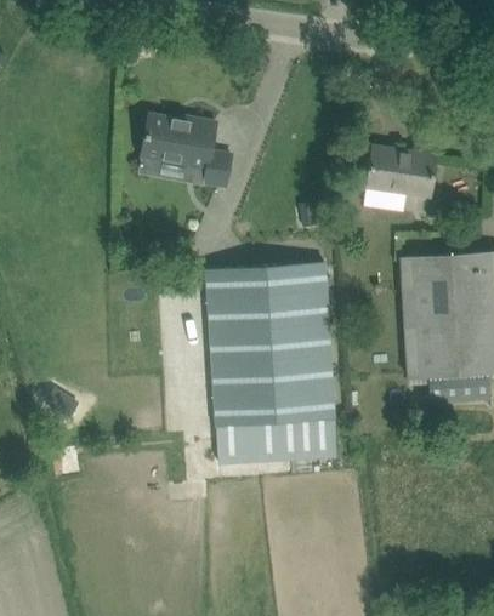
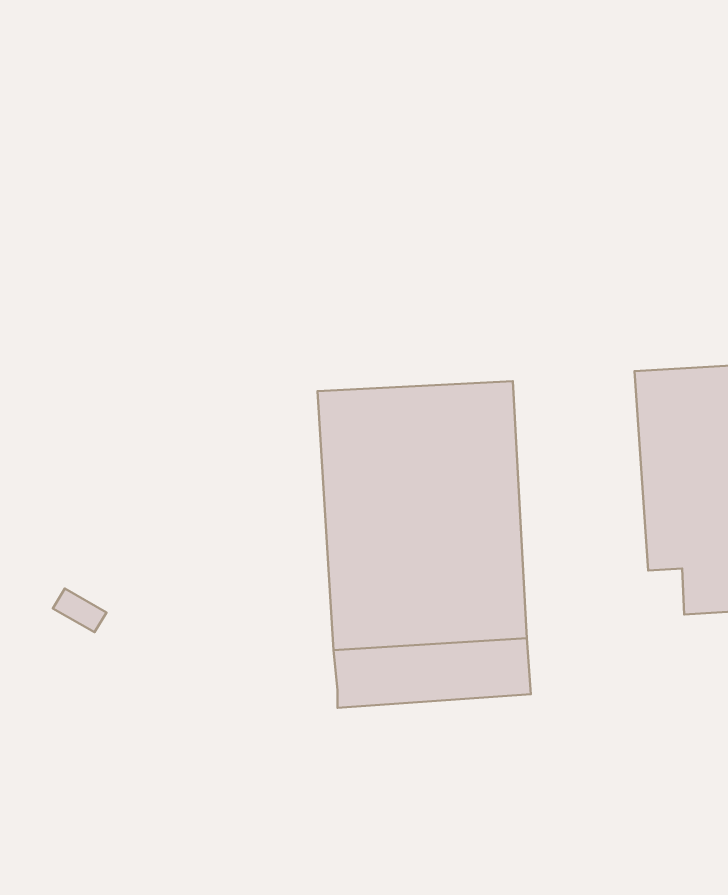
building: [141,116,233,189] -> none
building: [367,147,436,198] -> none

